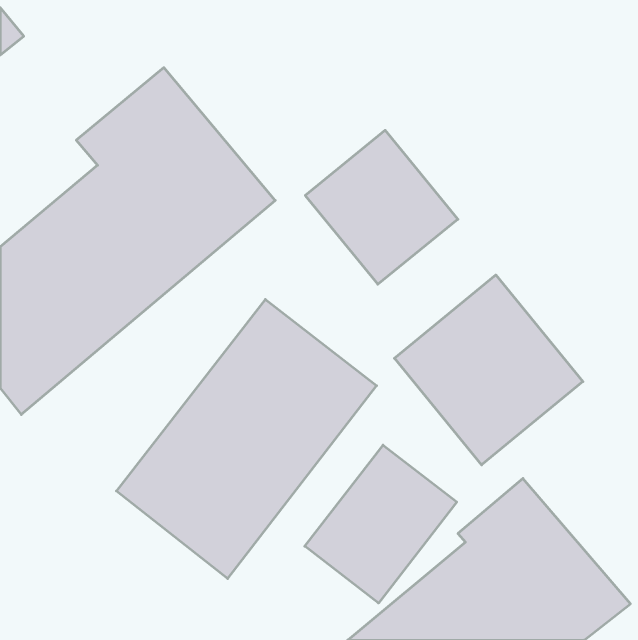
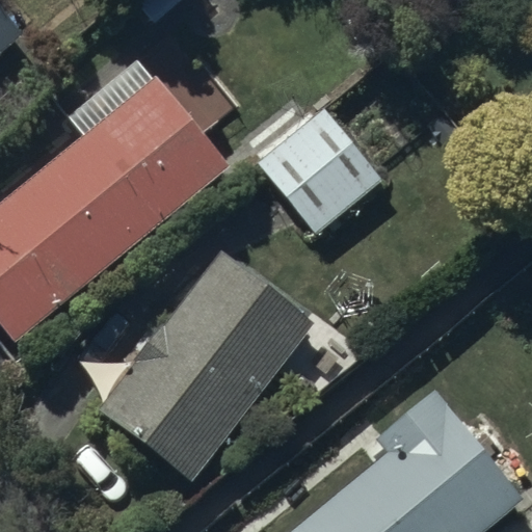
building: [394,275,583,465] -> none
building: [305,445,457,603] -> none

